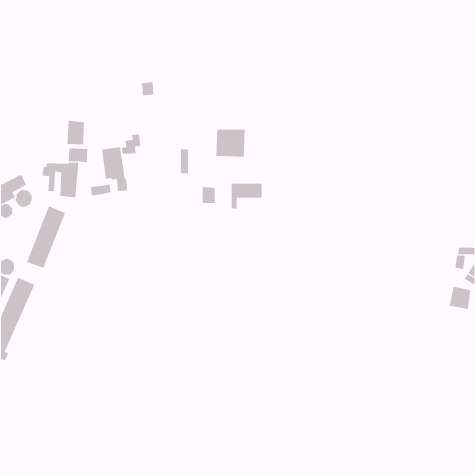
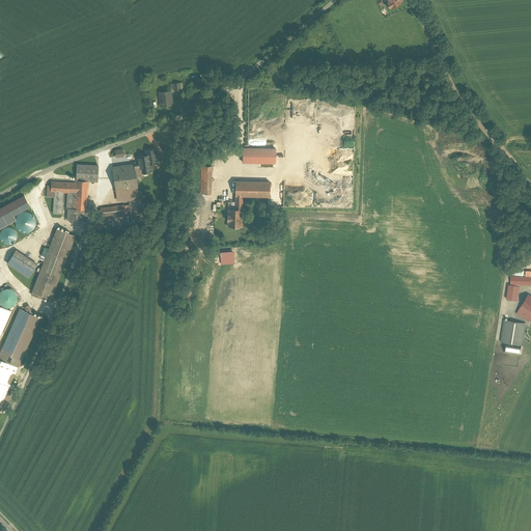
building: [67,120,84,145] -> none
building: [231,183,262,209] -> [233,180,269,209]
building: none -> [5,250,35,278]

